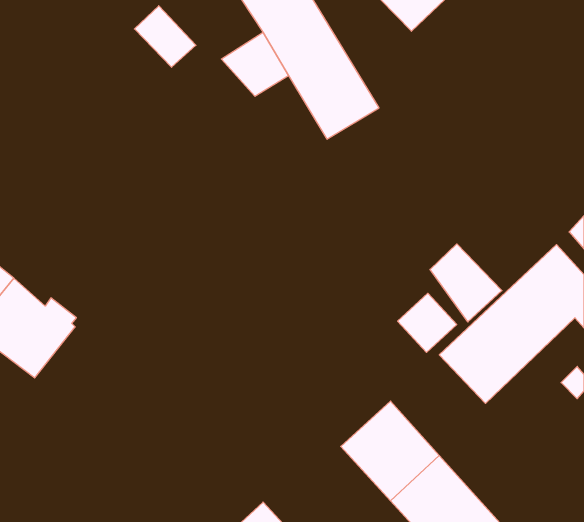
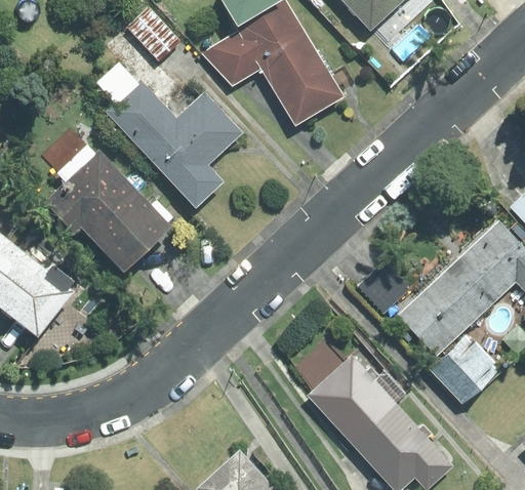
building: none -> [96,62,243,207]
building: none -> [45,145,171,272]
building: [430,244,502,322] -> none
building: none -> [430,333,501,405]

